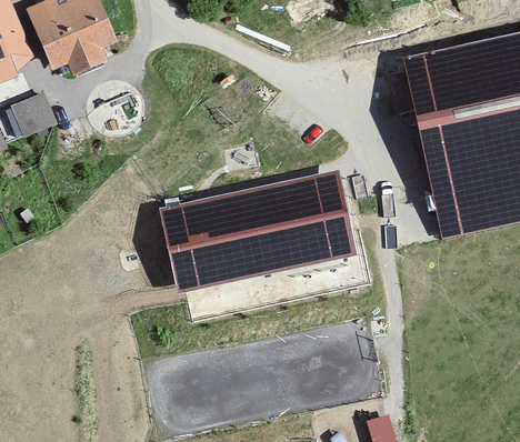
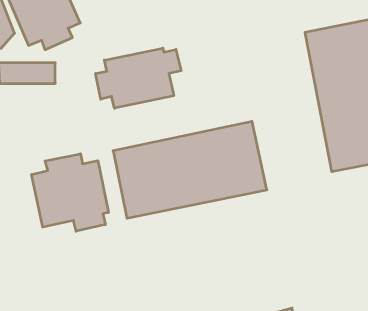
building: none -> [96,48,181,108]
building: none -> [32,154,108,231]

